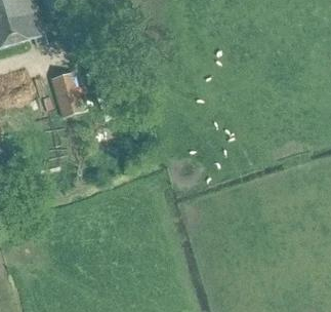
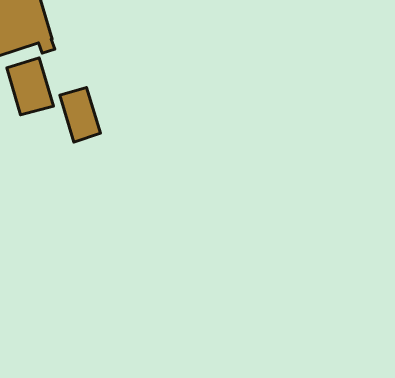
building: none -> [7,58,54,115]

